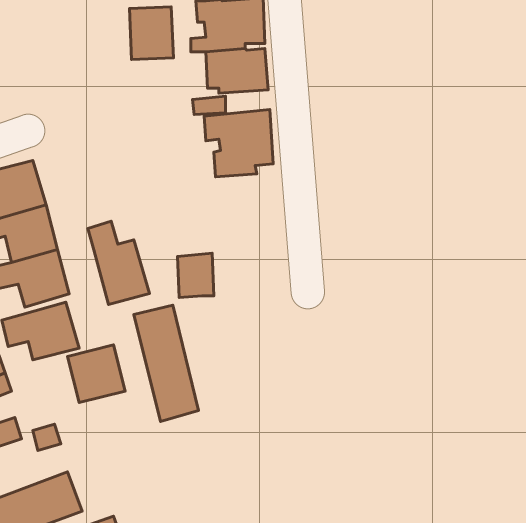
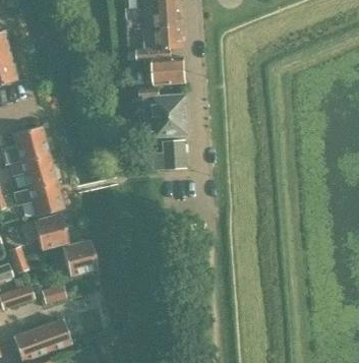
building: [129,7,173,60] -> none
building: [88,221,150,304] -> none
building: [178,253,214,298] -> [164,140,186,168]
building: [134,305,199,422] -> none

